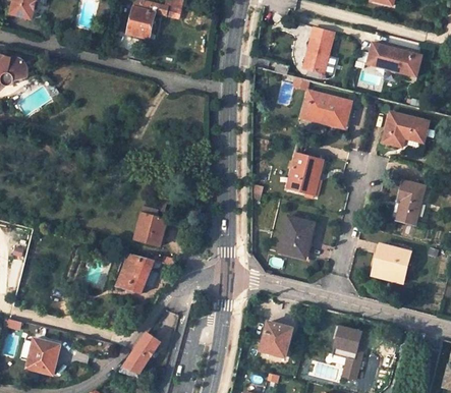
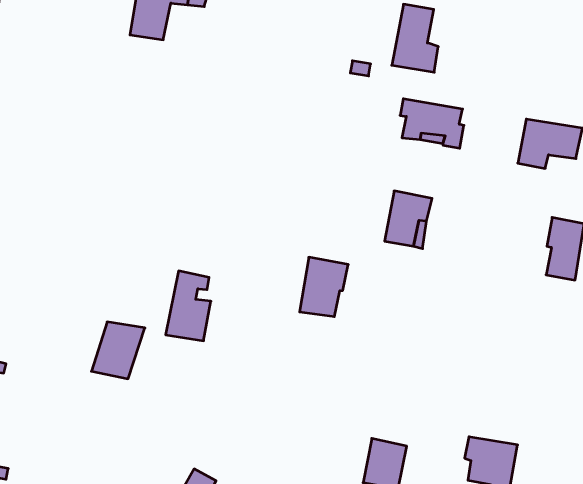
building: [365,43,420,76] -> none
building: [278,216,314,258] -> [300,257,348,317]
building: [371,243,409,283] -> none
building: [115,254,154,293] -> [91,322,145,379]

